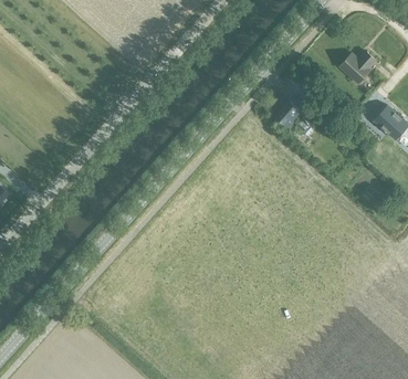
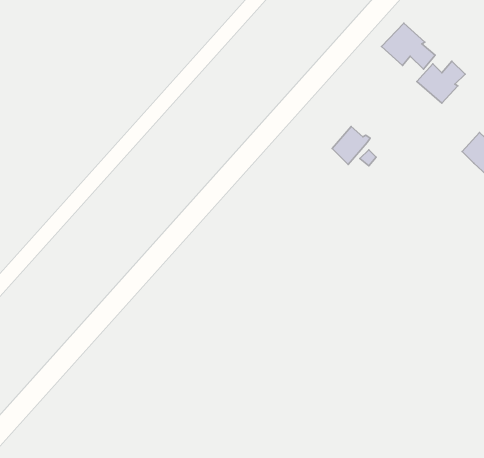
building: none -> [381,23,435,69]

